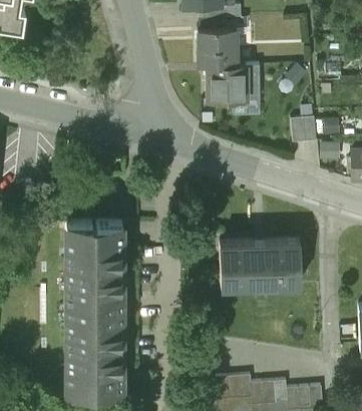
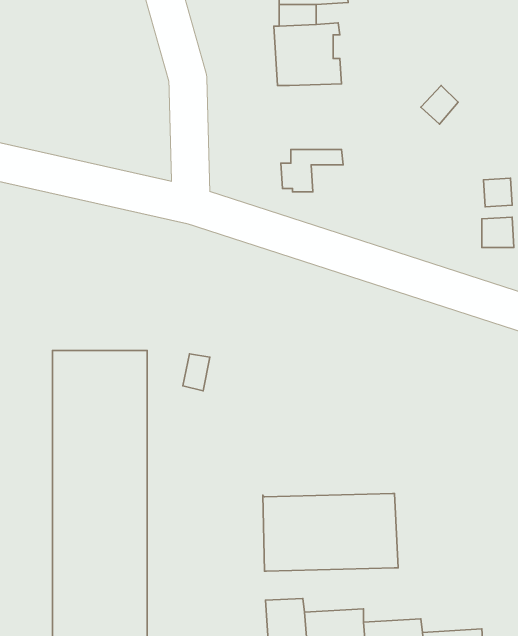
building: [208,64,249,101] -> none
building: [292,116,319,141] -> none
building: [221,241,301,287] -> [263,494,398,571]

